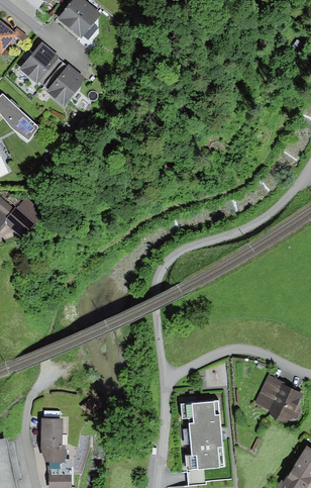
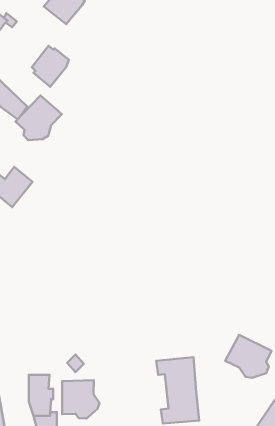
building: [18,42,59,84] -> none
building: none -> [16,95,62,140]
building: none -> [62,380,100,418]

